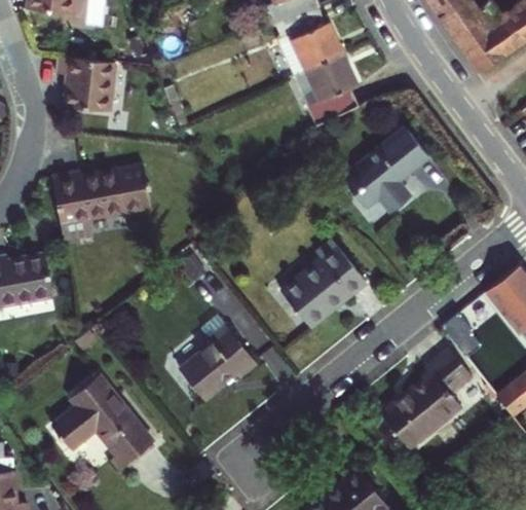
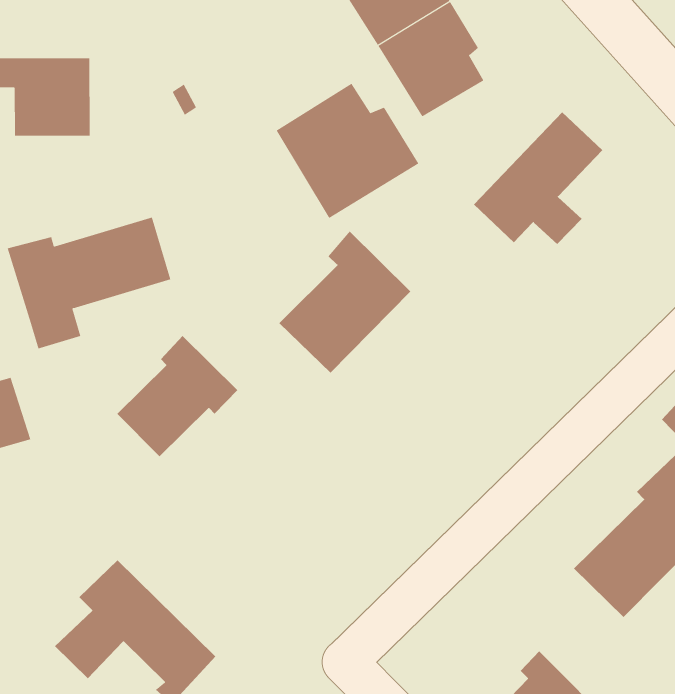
building: none -> [276,83,419,219]
building: [281,241,366,328] -> [279,230,411,374]
building: [180,327,257,401] -> [116,335,238,457]

